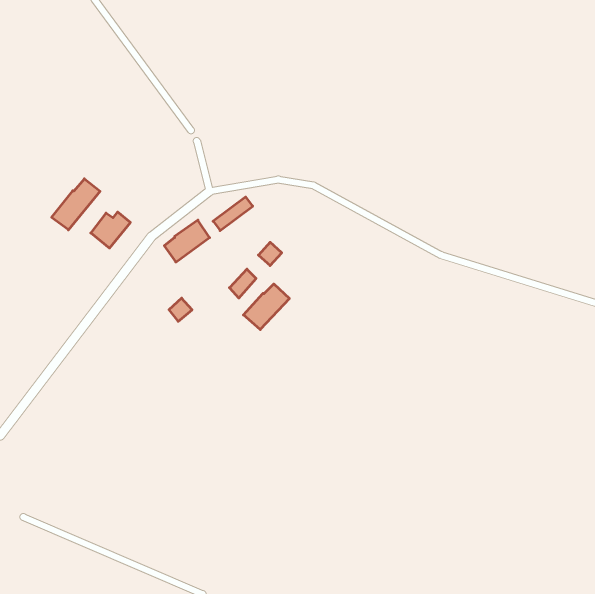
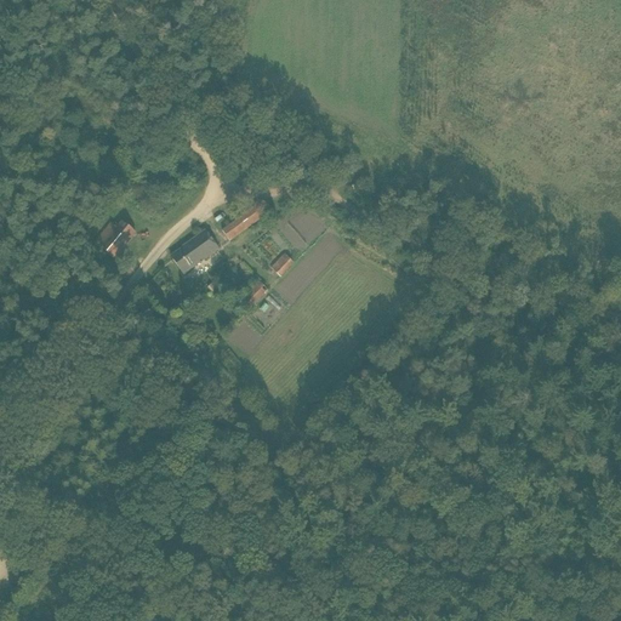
building: [52,179,100,230] -> none
building: [243,284,289,330] -> none

